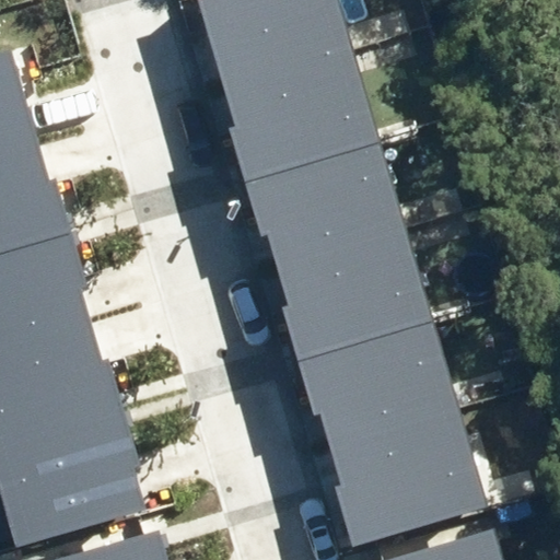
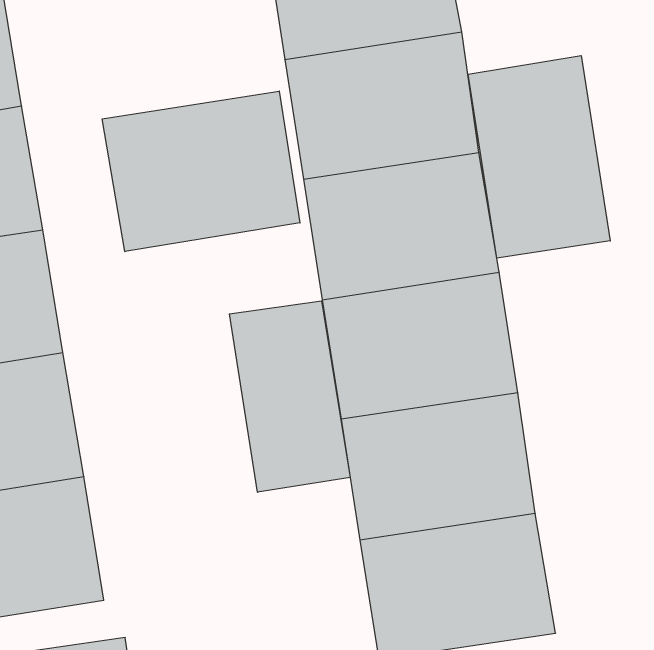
building: none -> [468,56,610,258]
building: none -> [102,91,300,252]
building: none -> [229,301,350,492]

